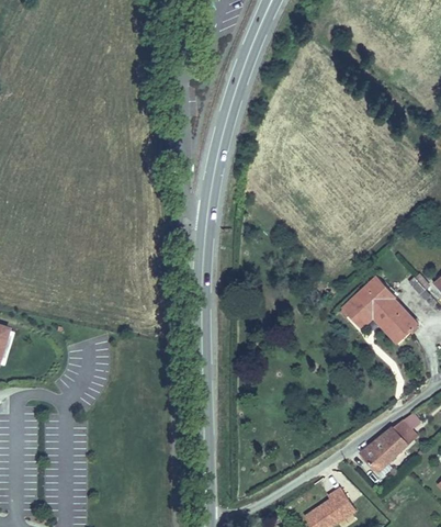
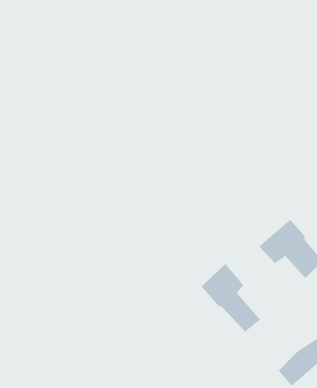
building: none -> [201,263,261,333]

